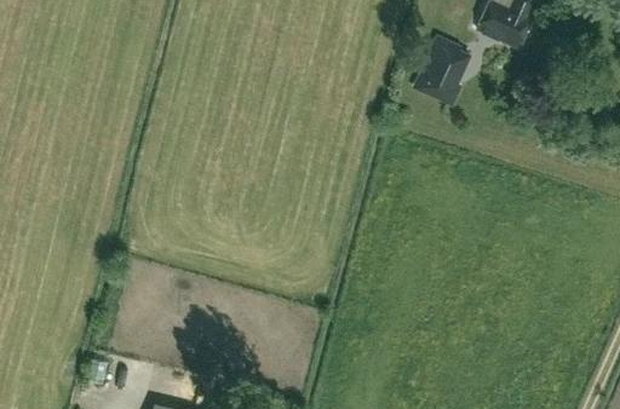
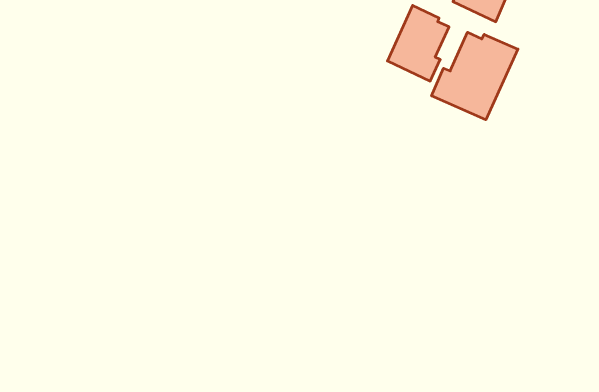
building: none -> [432,32,518,120]

